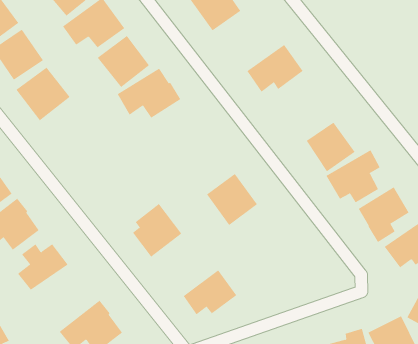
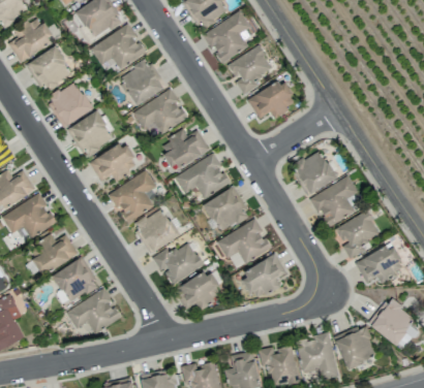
building: none -> [228,46,272,95]
building: none -> [69,109,117,157]
building: none -> [159,130,209,170]
building: none -> [90,142,140,183]
building: none -> [175,154,230,199]
building: none -> [110,172,155,223]
building: none -> [218,220,271,269]
building: none -> [152,243,204,285]
building: none -> [240,254,286,300]
building: none -> [52,258,97,305]

